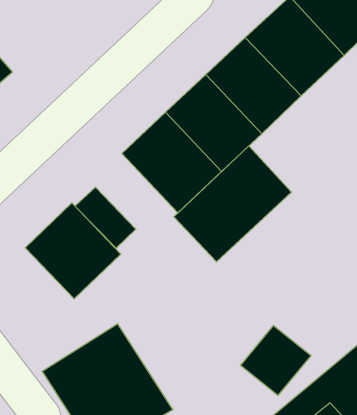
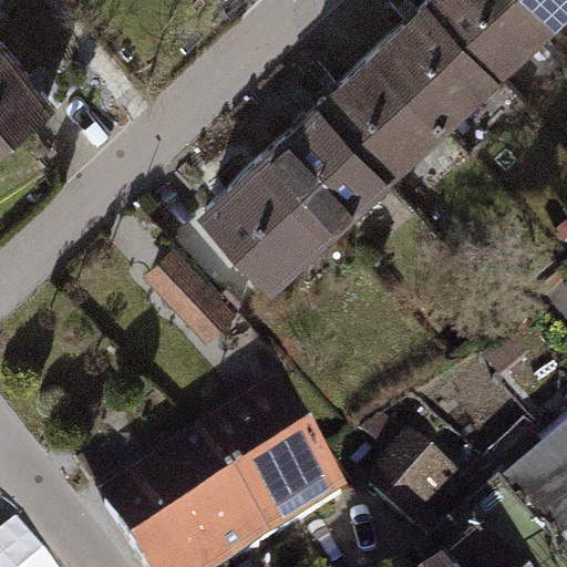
building: [174,146,292,262] -> none
building: [25,203,121,299] -> none
building: none -> [203,386,355,553]

